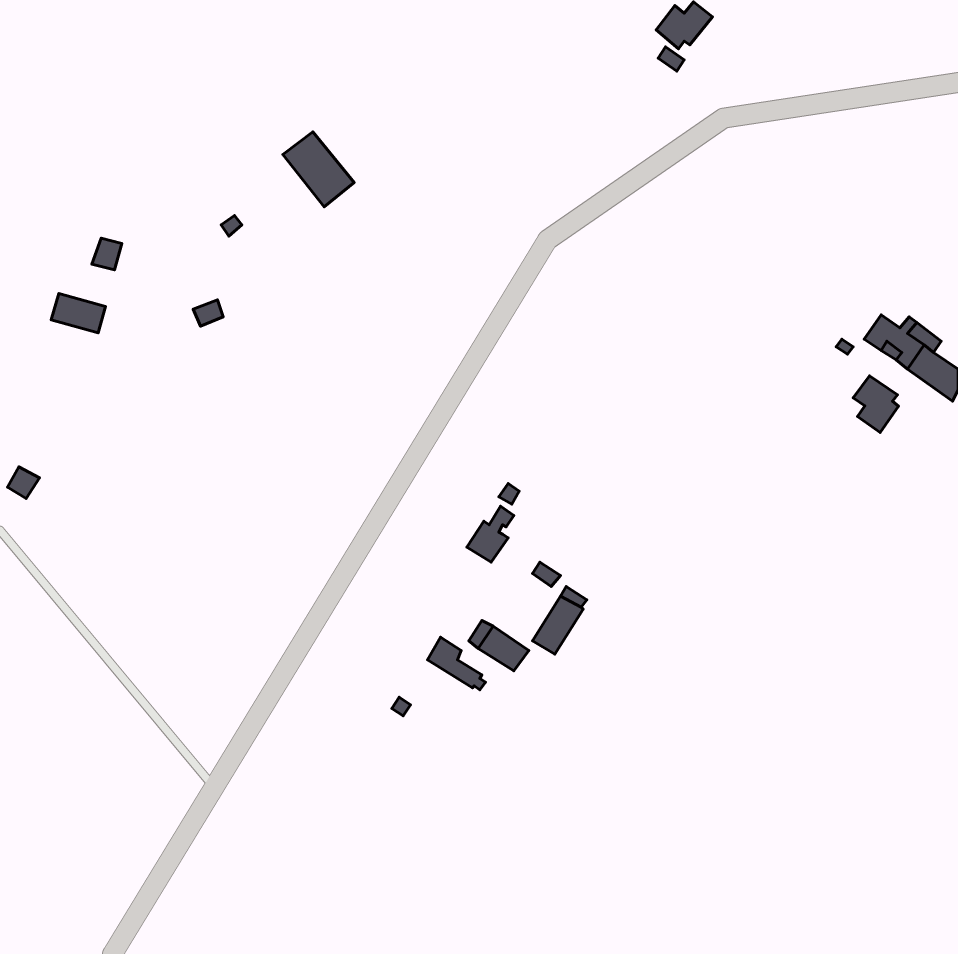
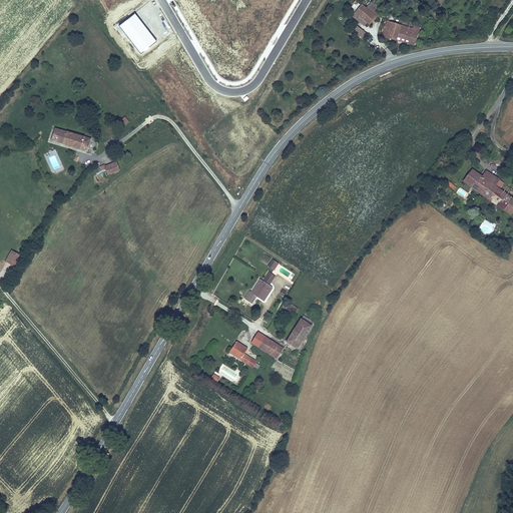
building: none -> [381,19,419,45]
building: [283,132,354,207] -> [118,12,156,52]
building: [51,293,106,333] -> [61,130,90,151]
building: [853,376,899,432] -> none

